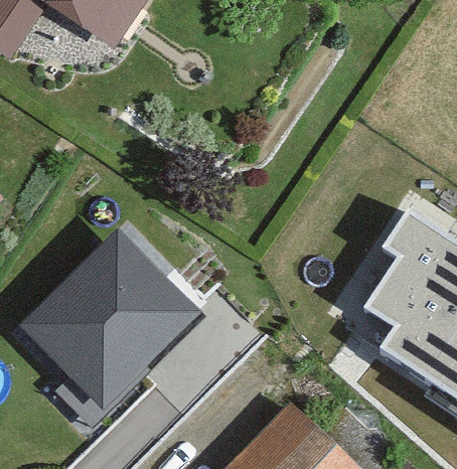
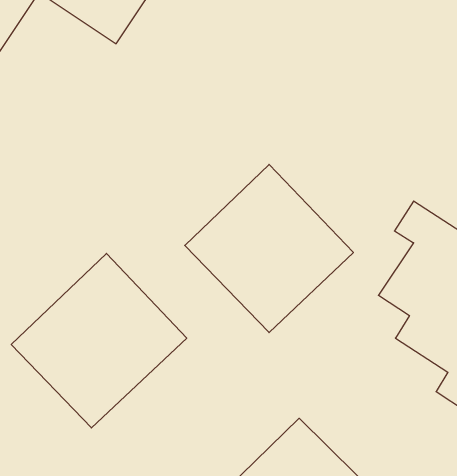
building: none -> [185,164,353,333]

